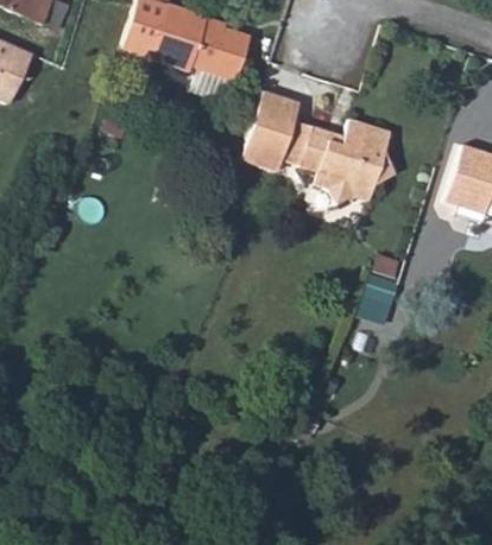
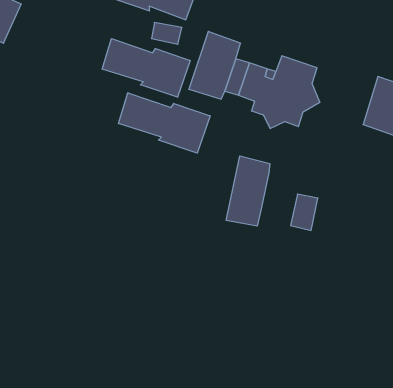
building: none -> [102,39,190,97]
building: none -> [119,93,210,153]
building: none -> [226,156,270,226]

